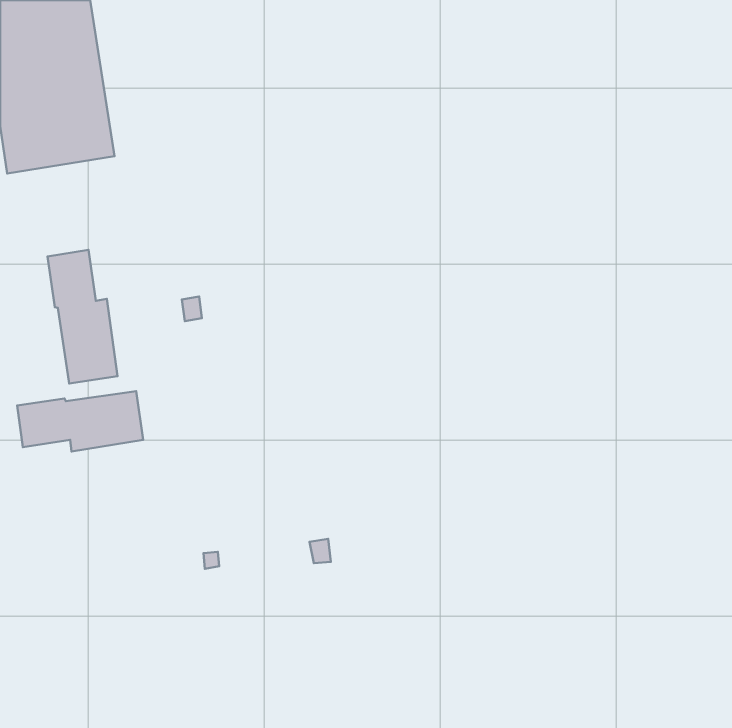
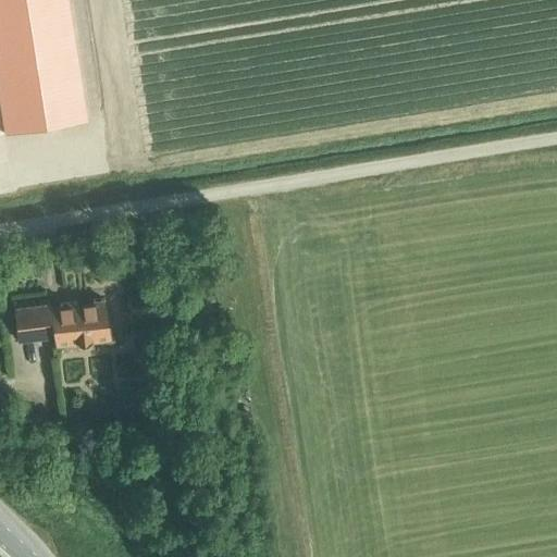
building: [48,250,117,383] -> none

